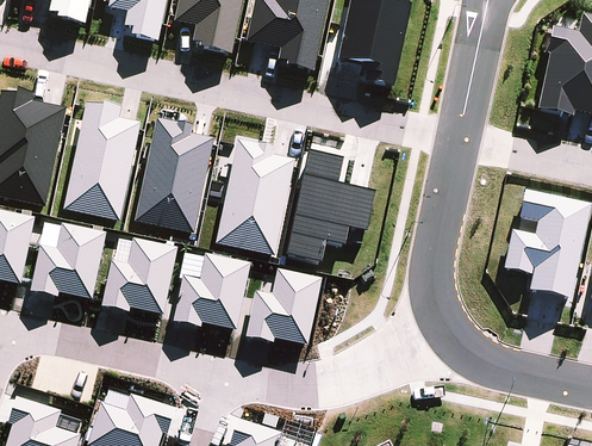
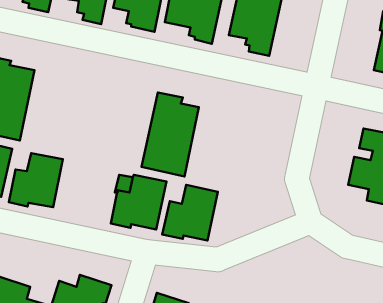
building: [64,100,141,221] -> none
building: [136,117,214,233] -> none
building: [285,151,374,264] -> none
building: [102,239,177,314] -> none

